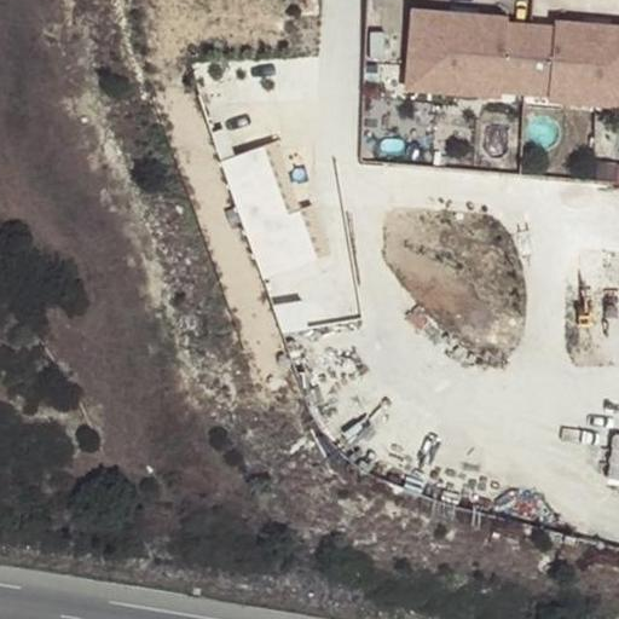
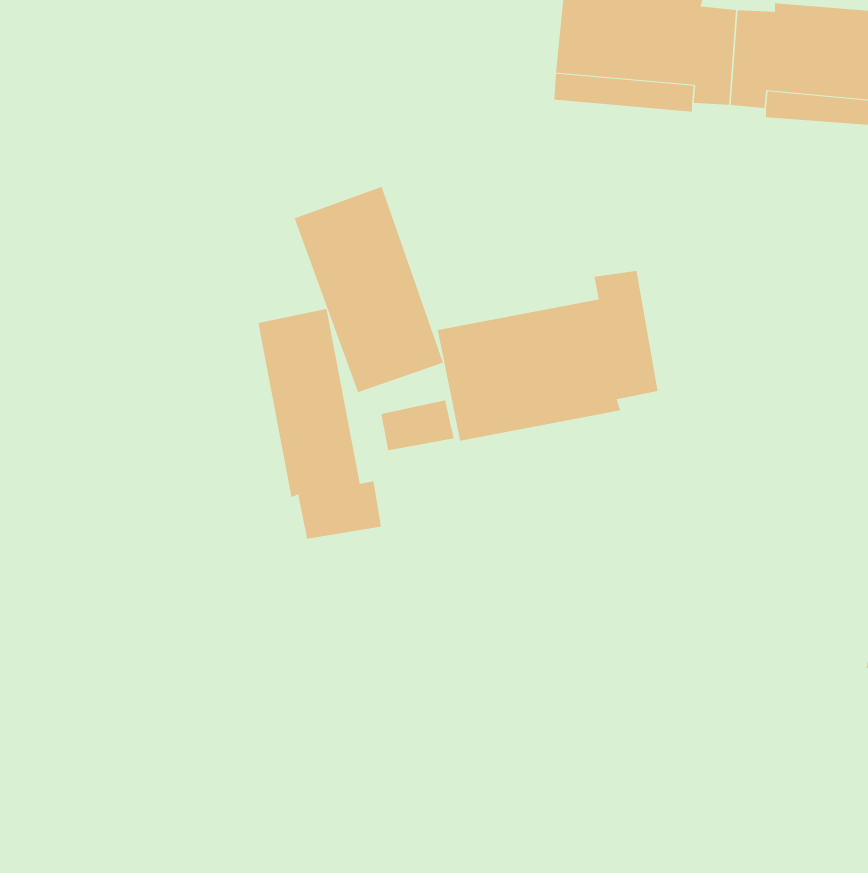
building: none -> [437,270,658,441]
building: none -> [258,308,382,539]

